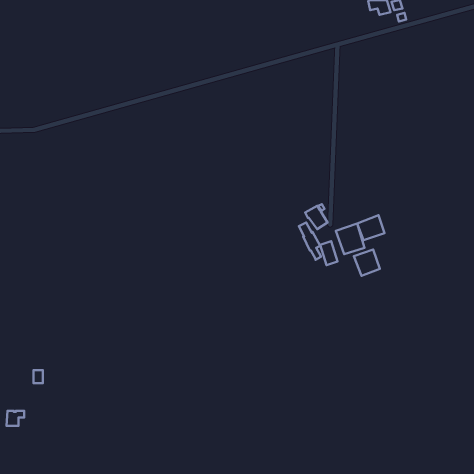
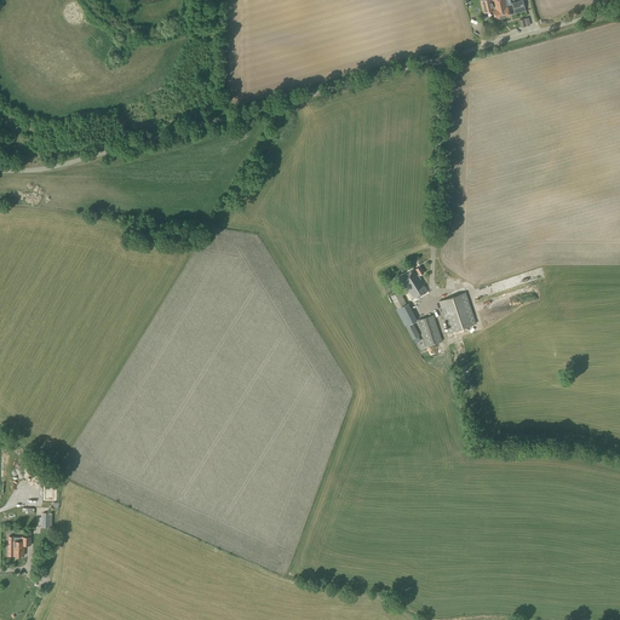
building: [357,215,385,240] -> none
building: [354,250,380,276] -> none

